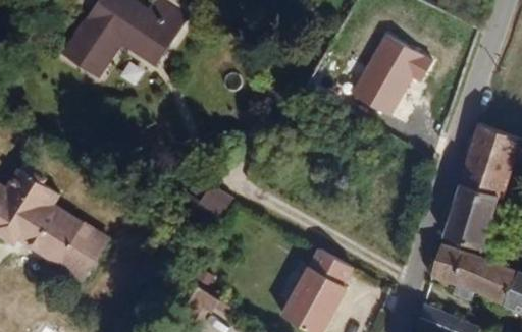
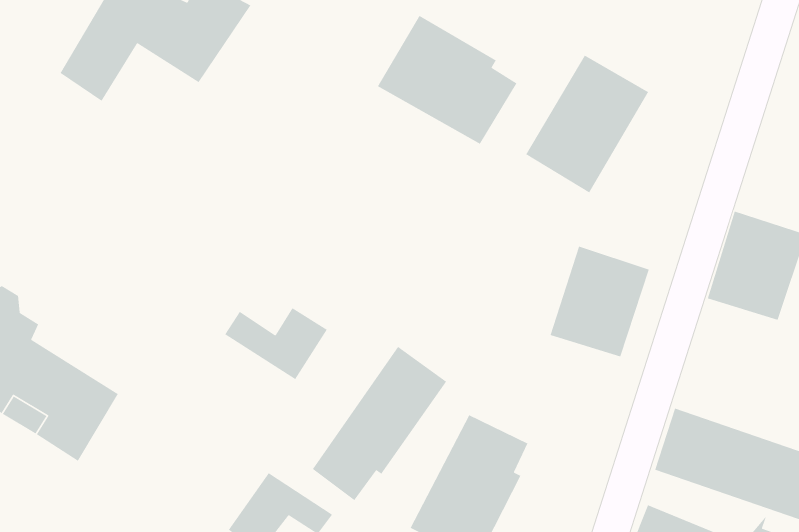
building: none -> [377,15,517,145]
building: [439,187,500,255] -> [550,245,650,357]
building: none -> [312,346,447,501]

